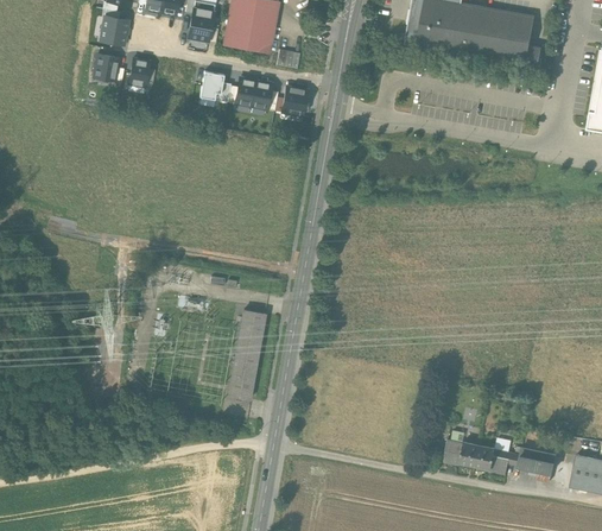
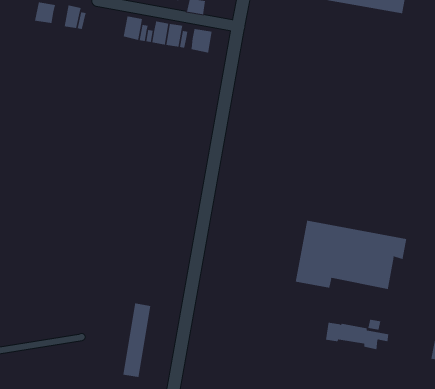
building: [229,310,264,400] -> [123,303,151,378]
building: none -> [295,220,407,290]
building: [519,448,555,482] -> none

